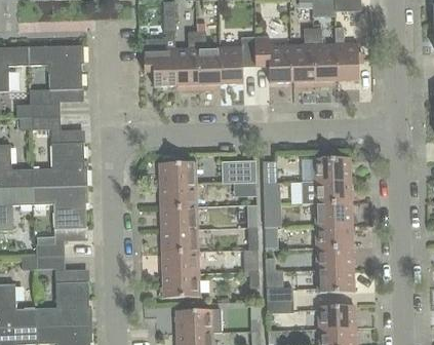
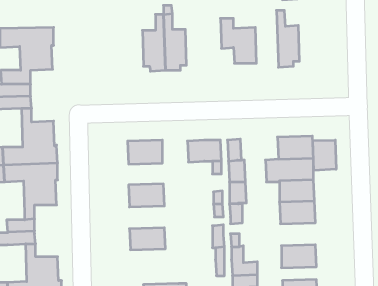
building: [333,27,362,80] -> none
building: [290,28,314,86] -> none
building: [143,32,175,86] -> none
building: [219,36,255,84] -> none
building: none -> [313,140,336,170]
building: [160,185,196,207] -> none
building: [161,229,197,253] -> none
building: [316,246,352,270] -> none
building: [162,273,199,298] -> none

